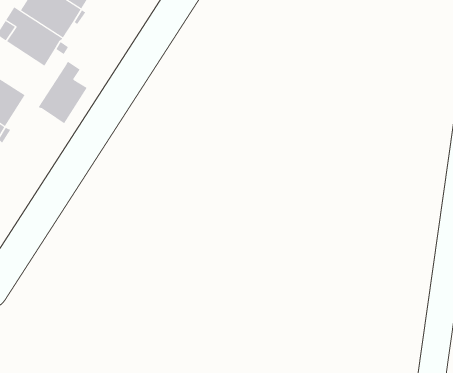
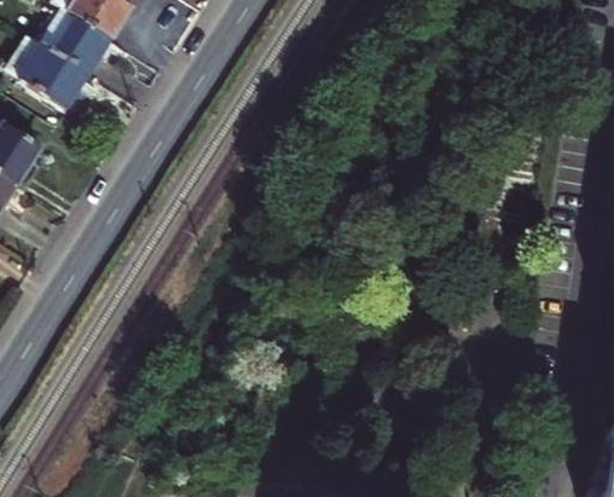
building: [38,61,88,124] -> none

